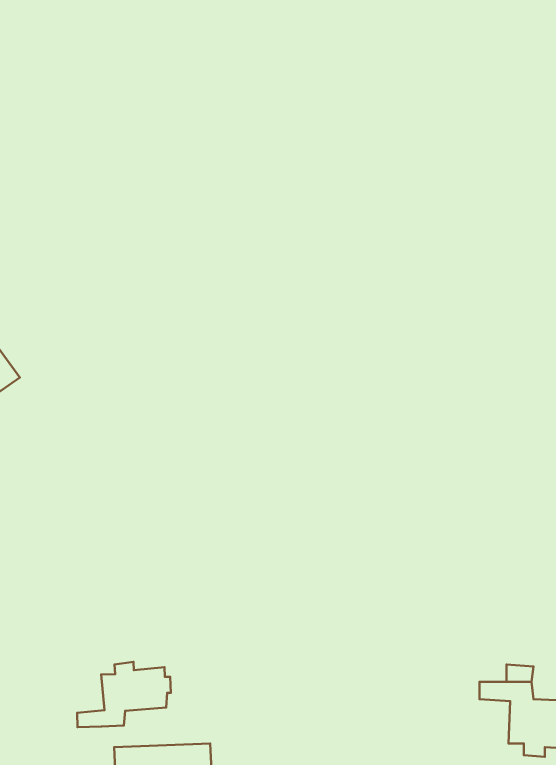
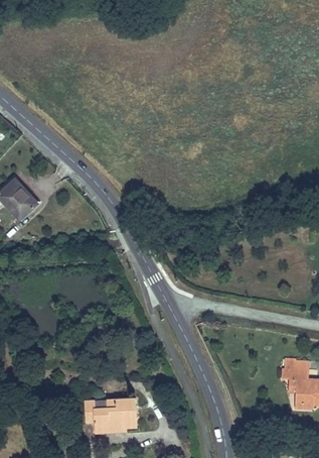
building: [77,662,171,727] -> none

